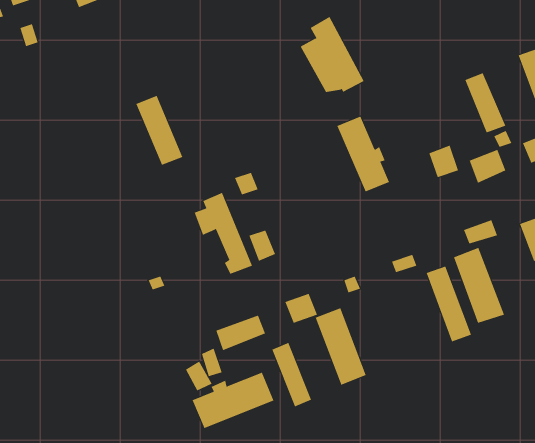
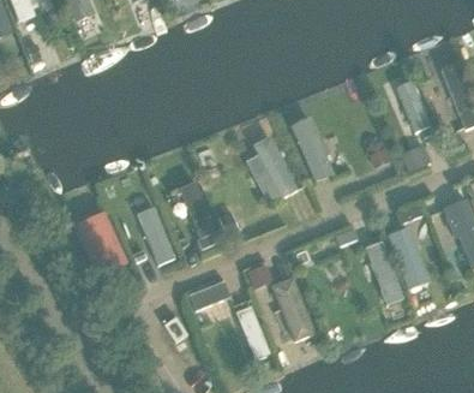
building: [300,16,364,93] -> [244,133,298,197]
building: [136,95,183,166] -> [136,204,175,263]
building: none -> [71,212,124,278]
building: [192,372,274,429] -> none

